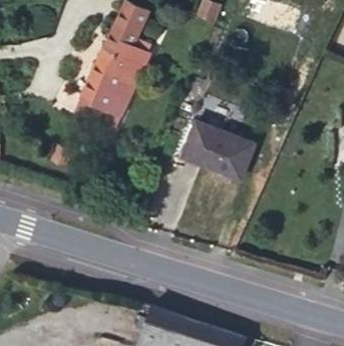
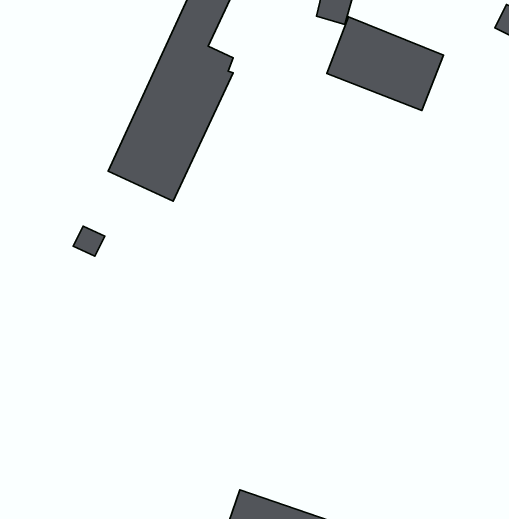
building: [184,121,254,178] -> [327,17,443,110]

